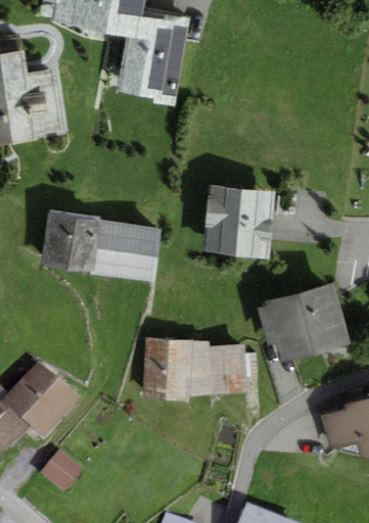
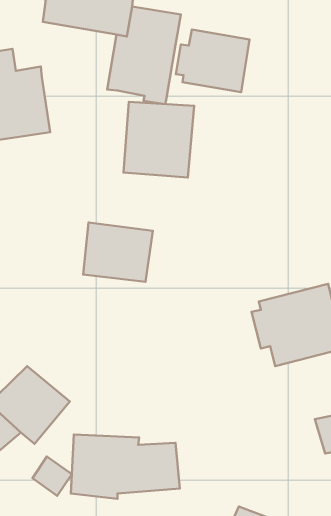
building: none -> [176,29,249,92]
building: [205,185,275,259] -> [124,102,194,178]
building: [44,212,99,273] -> none
building: [143,337,250,400] -> [71,434,180,499]

